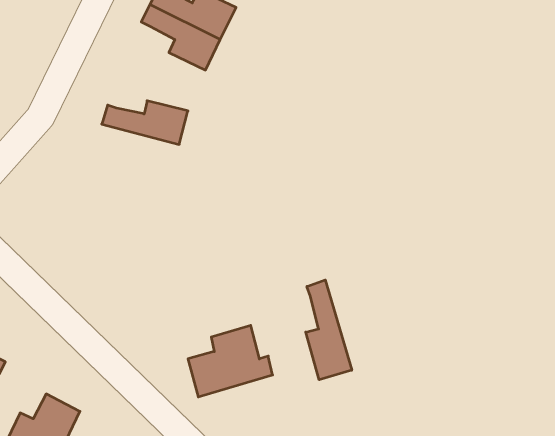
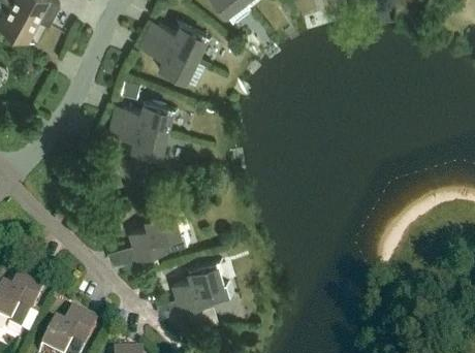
building: none -> [108,122,166,160]
building: none -> [129,212,190,262]
building: [306,280,352,380] -> none

